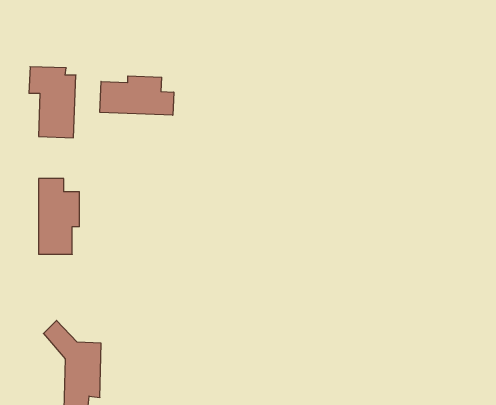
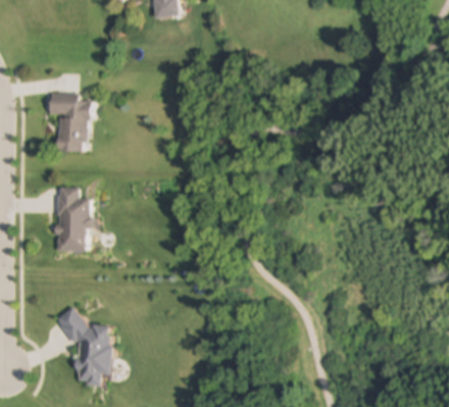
building: [100,76,174,115] -> none

